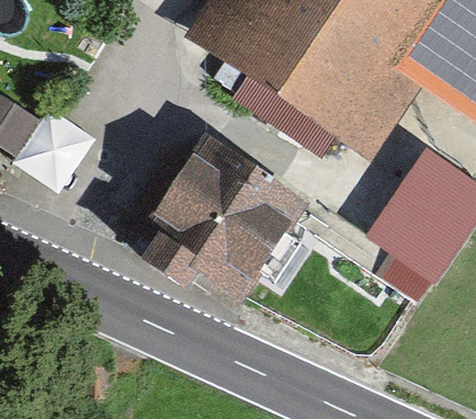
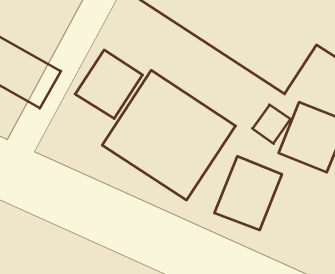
building: none -> [75,50,143,119]
building: none -> [214,156,282,230]

